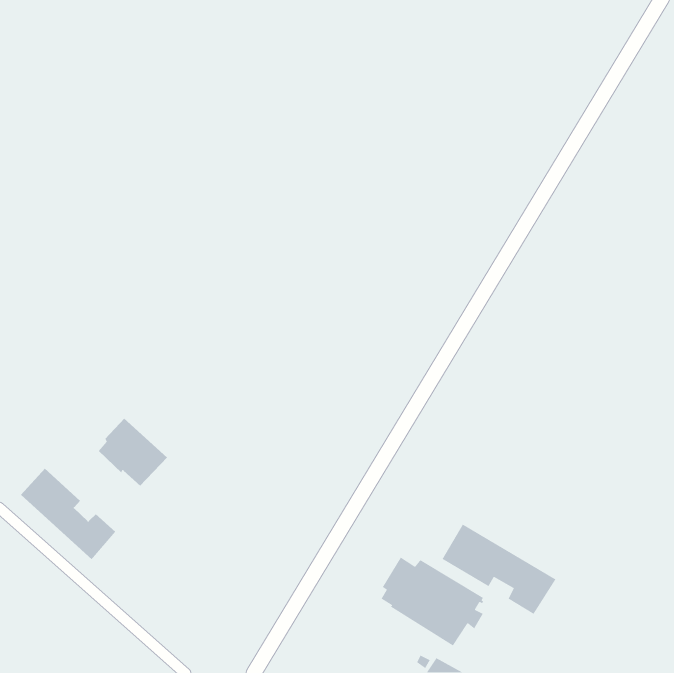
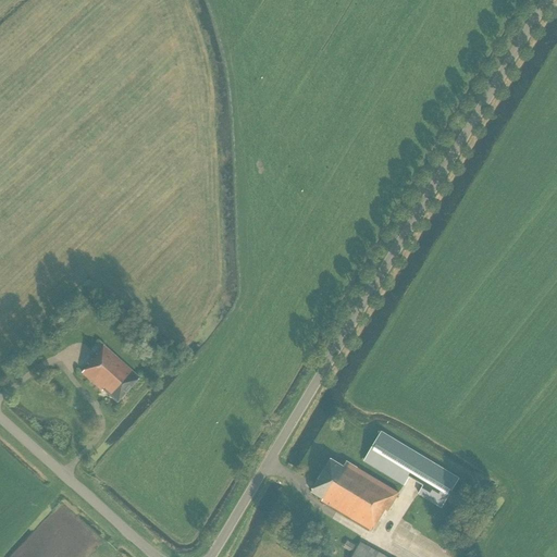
building: [20,468,116,560] -> none

